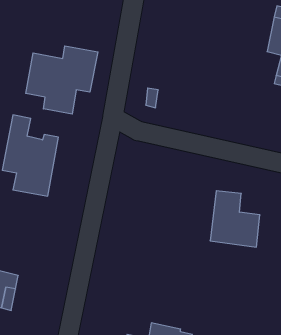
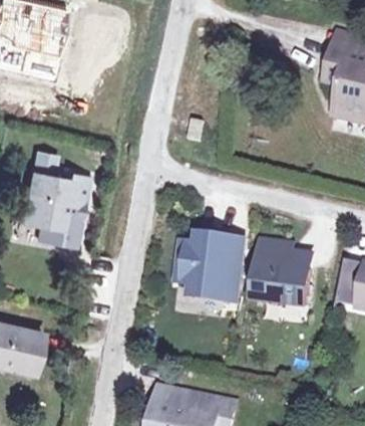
building: [26,46,98,114] -> none
building: none -> [179,234,247,298]

